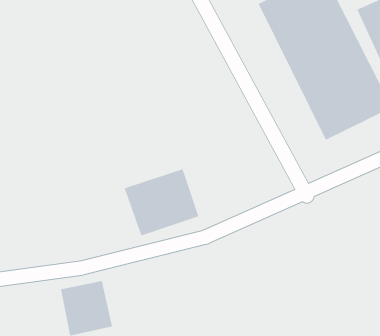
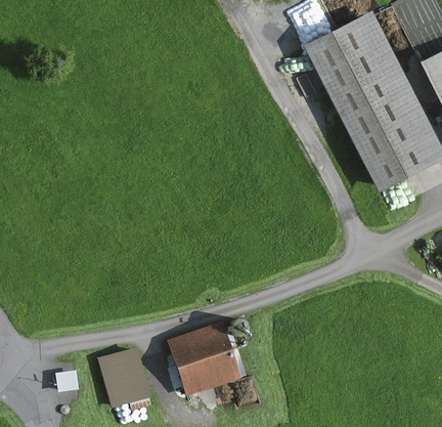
building: [124,168,199,236] -> [164,319,246,393]

